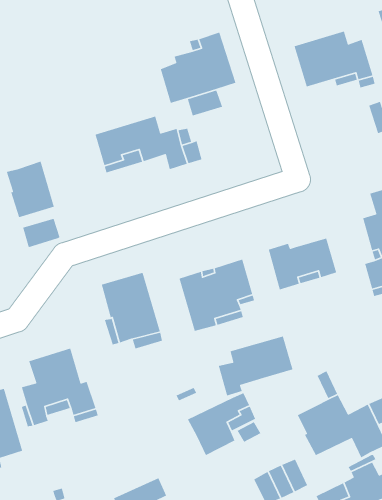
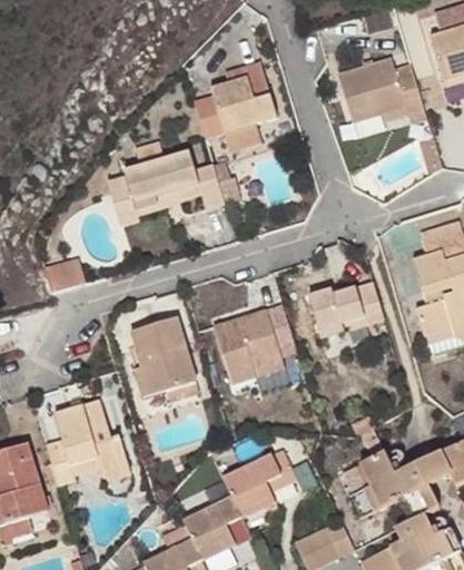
building: [6,161,55,218] -> none
building: [218,336,294,396] -> none
building: none -> [184,495,243,559]

